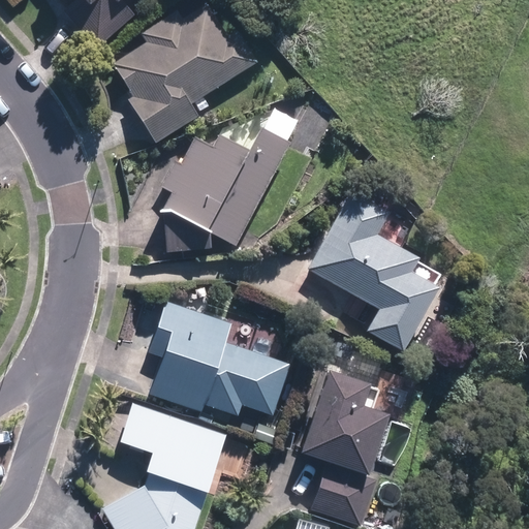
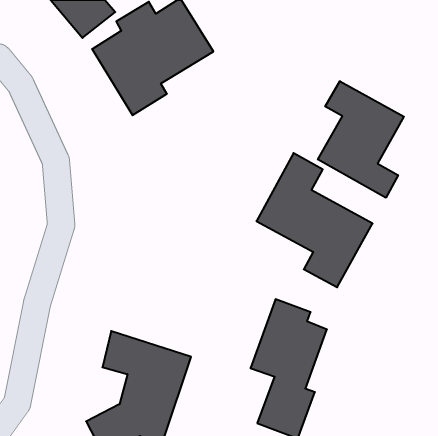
building: none -> [318,81,404,198]
building: [165,104,302,253] -> none
building: [146,302,288,416] -> none

